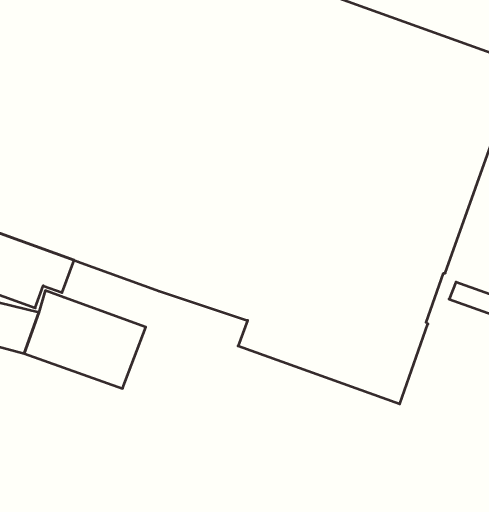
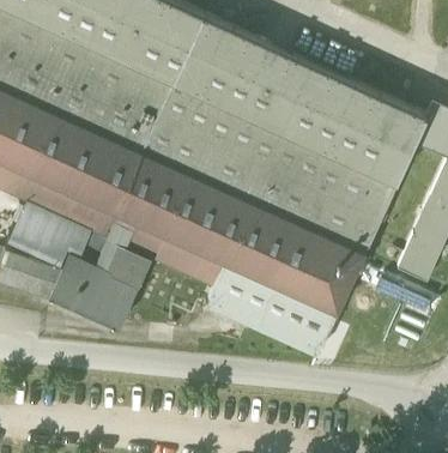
building: none -> [80,234,150,285]

